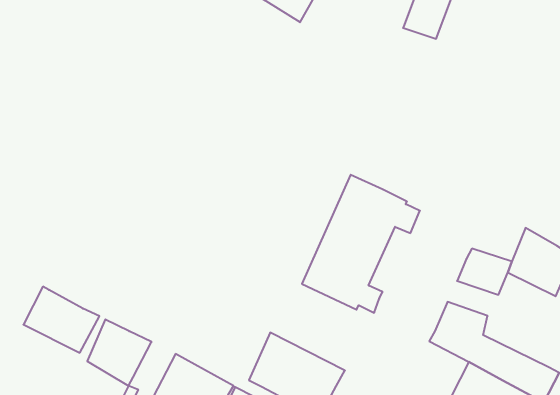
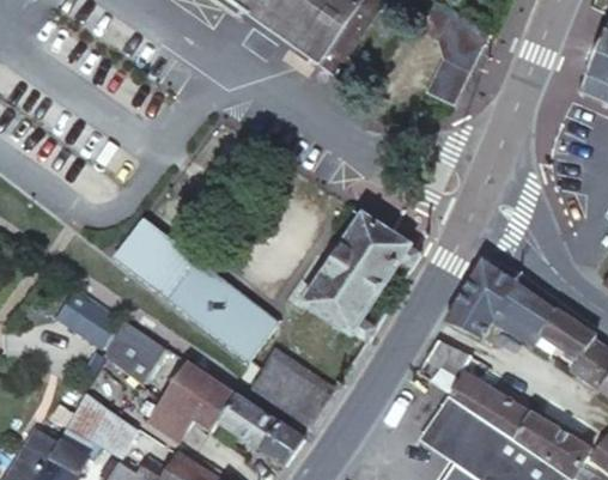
building: none -> [115,217,275,357]
building: none -> [464,260,515,308]

